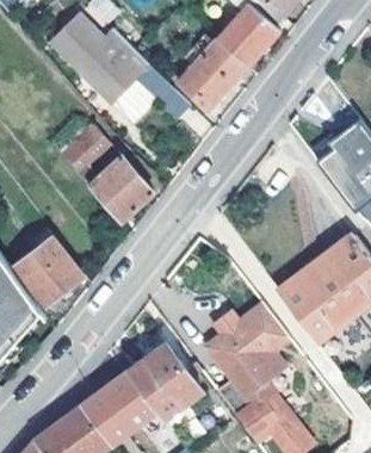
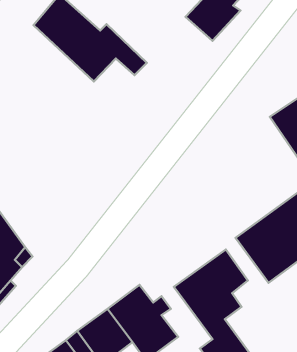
building: [180,37,251,108] -> none
building: [58,122,154,221] -> none
building: [16,234,85,303] -> none

